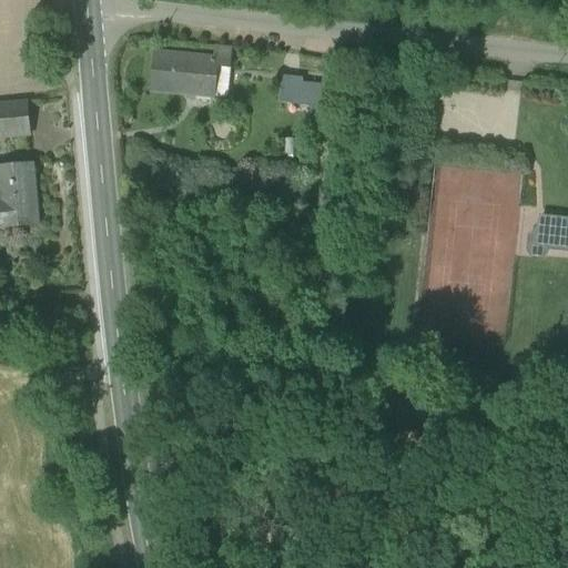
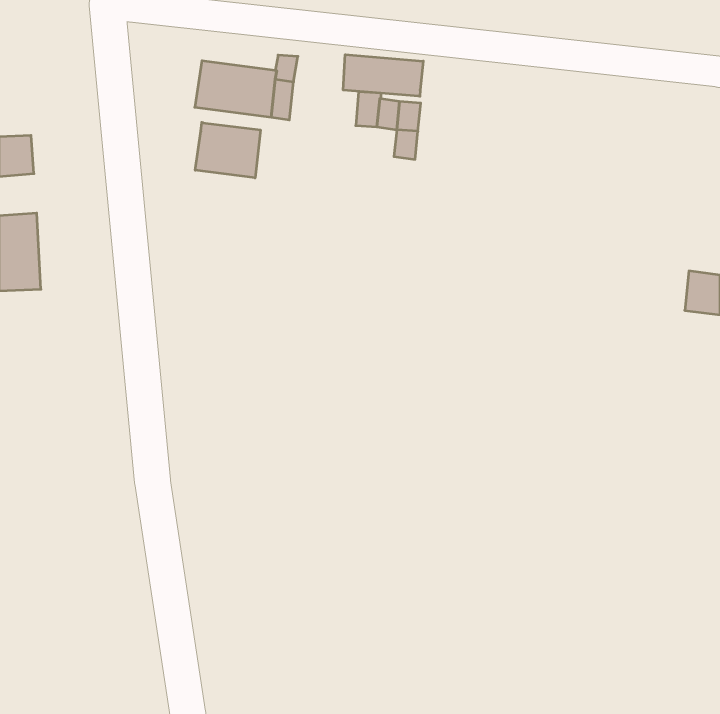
building: none -> [343,55,423,96]
building: none -> [195,122,260,178]

